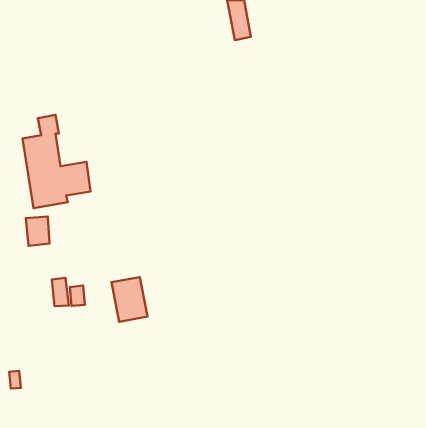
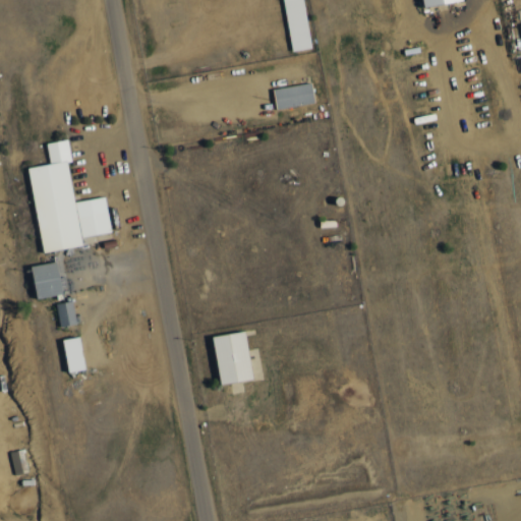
building: none -> [269,80,310,107]
building: [111,277,148,322] -> [205,329,248,383]
building: [70,286,85,306] -> [59,302,77,327]

